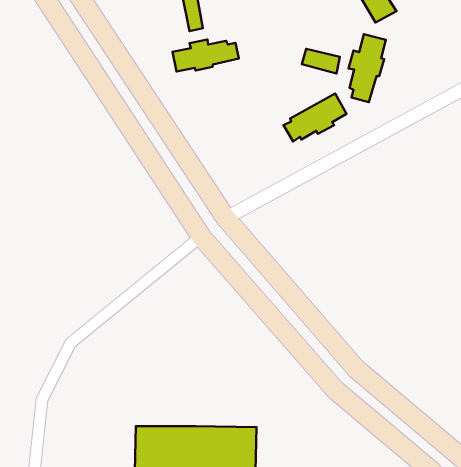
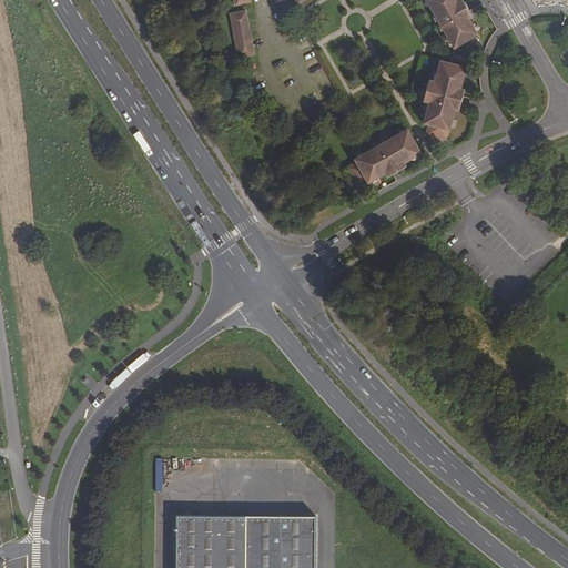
building: [173,39,239,72] -> none
building: [302,49,340,73] -> none

